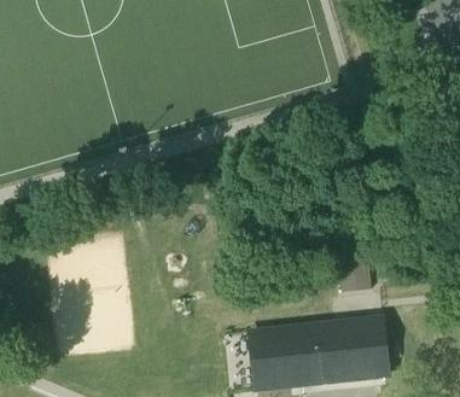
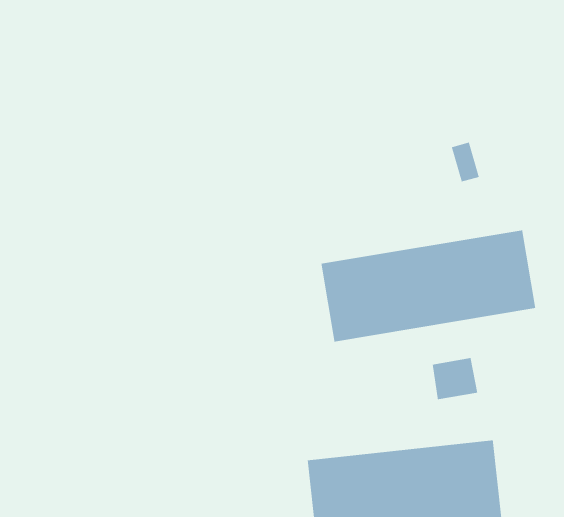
building: none -> [320,230,536,342]

